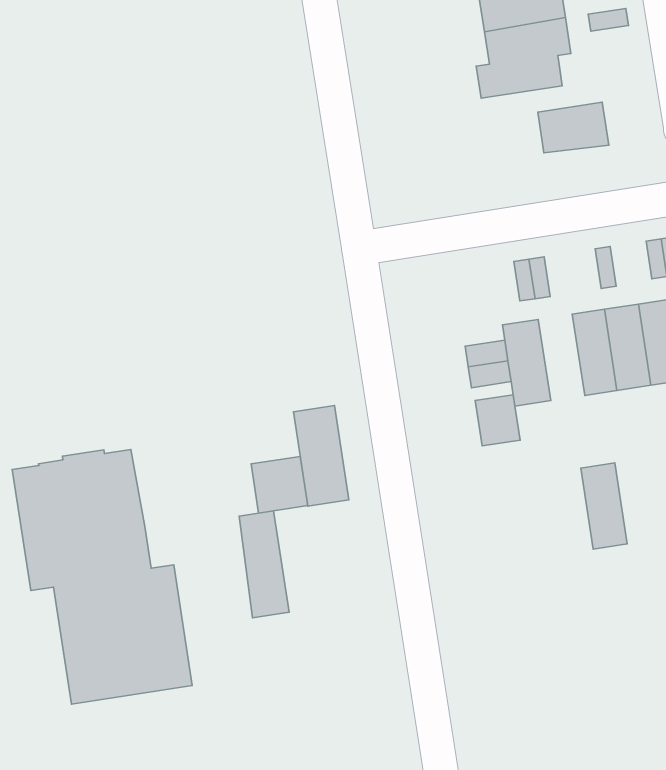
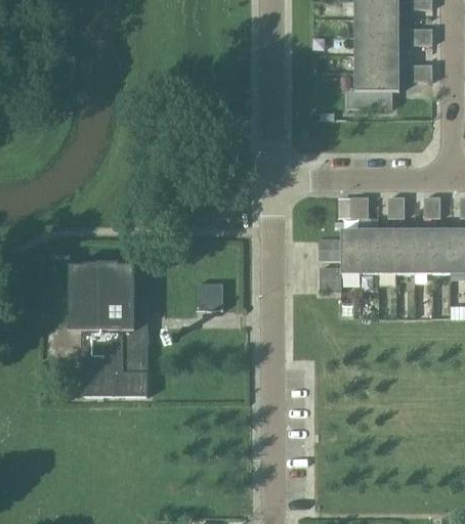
building: [538,102,609,153] -> none
building: [293,406,349,506] -> none
building: [581,463,627,549] -> [360,228,378,272]
building: [239,511,289,618] -> none

